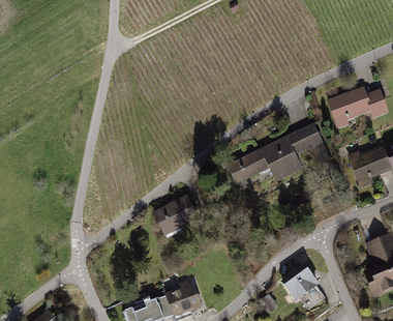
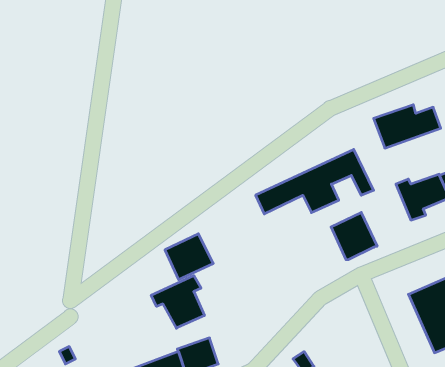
building: none -> [331,212,377,260]
building: none -> [151,276,204,328]
building: [283,267,316,300] -> none

